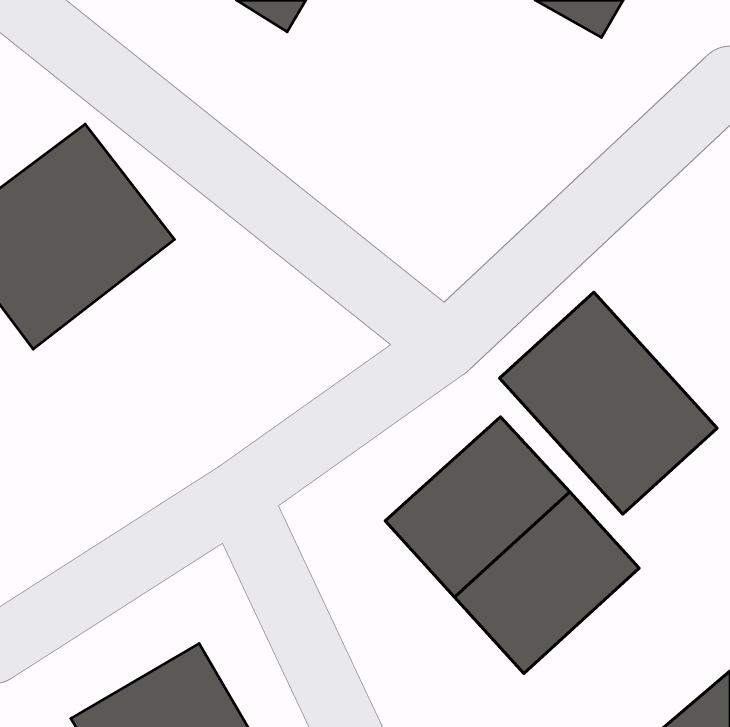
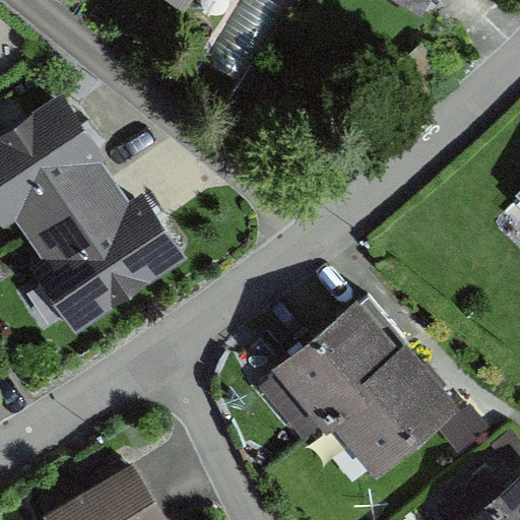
building: none -> [23,176,187,335]
building: [500,292,717,514] -> none

